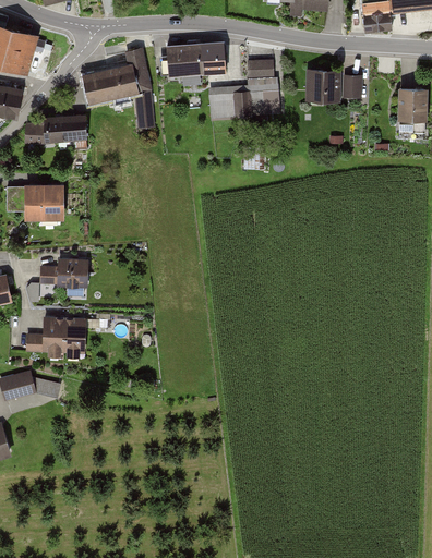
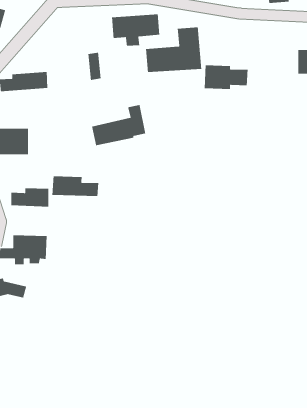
building: [82,49,151,101] -> [91,104,146,146]
building: [307,71,362,102] -> [204,64,248,90]
building: none -> [51,176,99,197]

